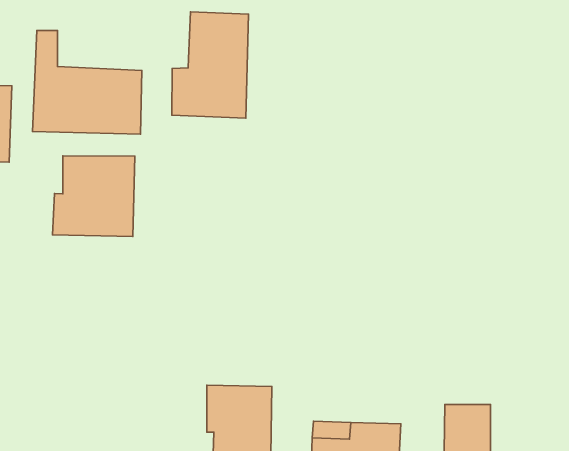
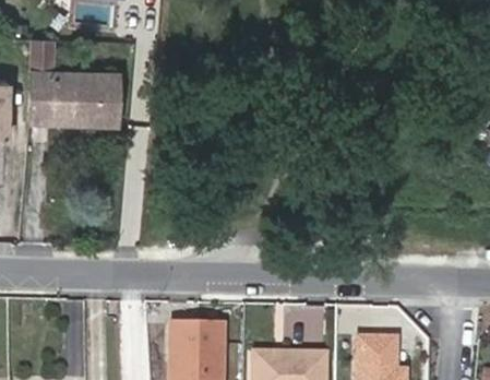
building: [172,12,249,118] -> none
building: [52,156,135,237] -> none

